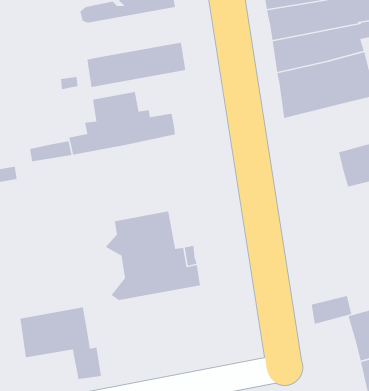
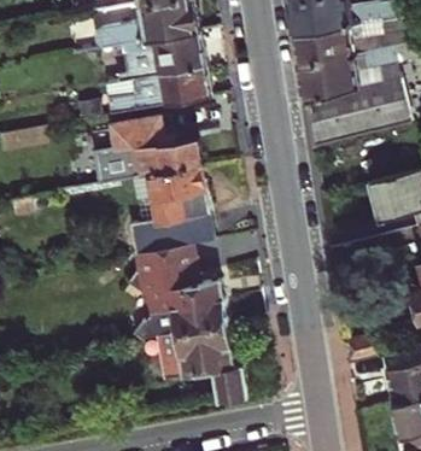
building: none -> [113,31,204,83]
building: none -> [127,165,212,256]
building: [19,307,102,380] -> [157,324,244,402]

